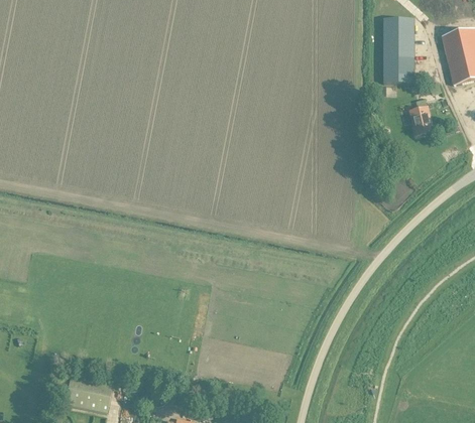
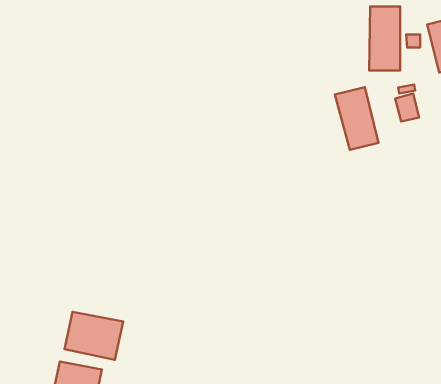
building: none -> [335,87,379,150]
building: none -> [65,312,123,360]

